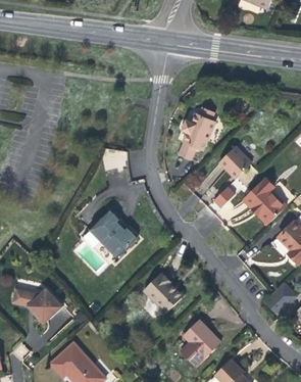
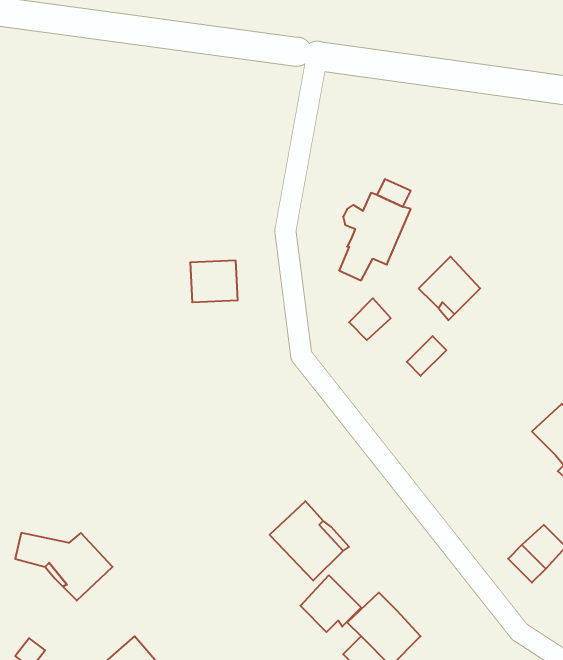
building: [243,178,286,224] -> none
building: [89,207,138,257] -> none
building: none -> [300,575,361,632]

